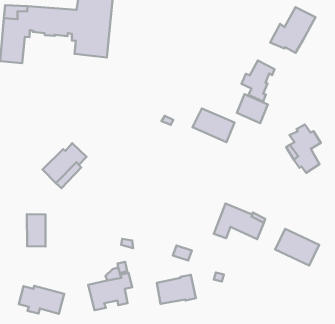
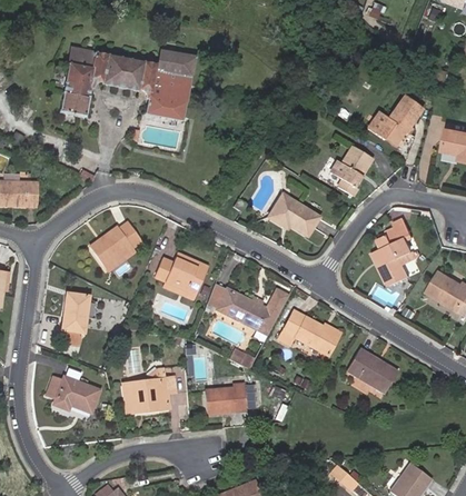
building: [237,94,268,123] -> none
building: none -> [155,254,209,292]
building: none -> [218,286,268,327]

